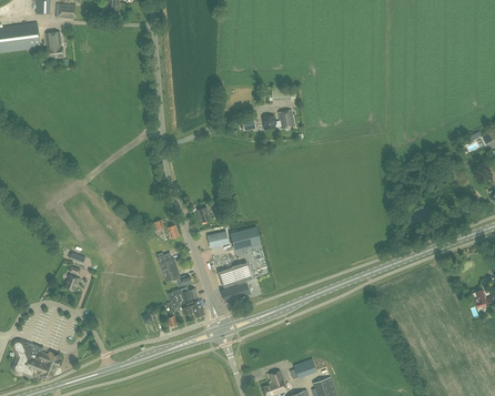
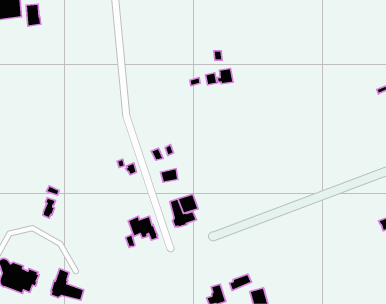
building: [229,225,260,248] -> none
building: [155,252,191,285] -> none
building: none -> [51,269,84,300]

